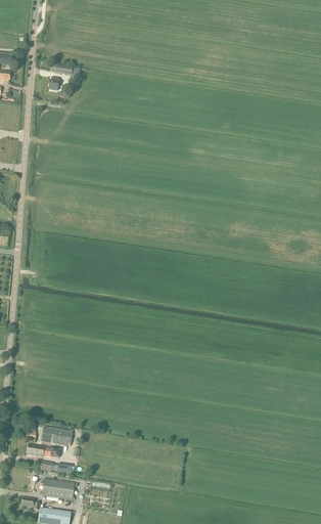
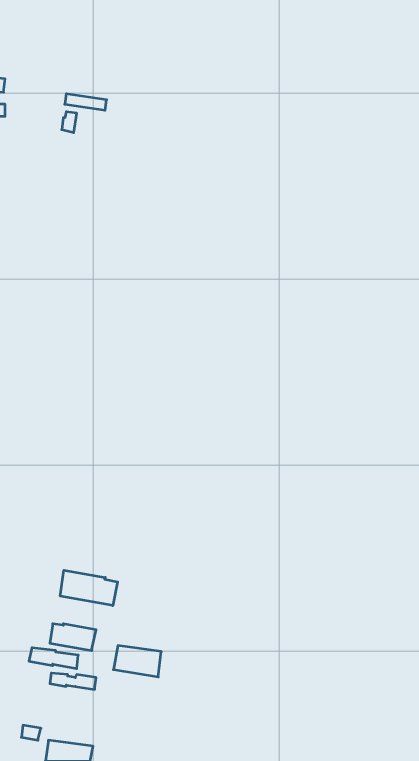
building: none -> [60,570,118,606]
building: [41,479,74,500] -> [113,646,161,677]

